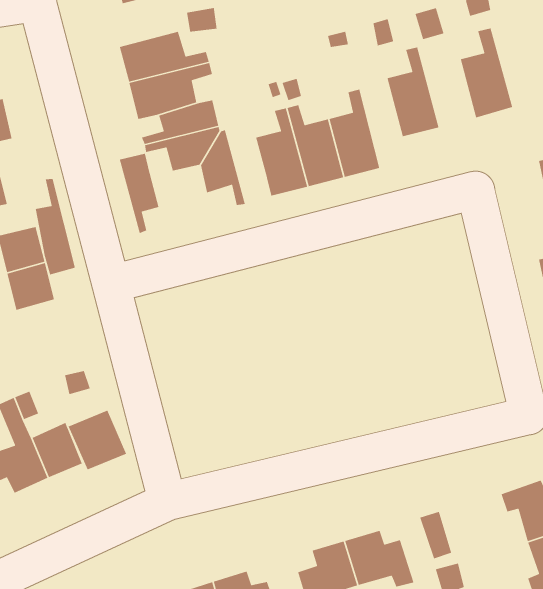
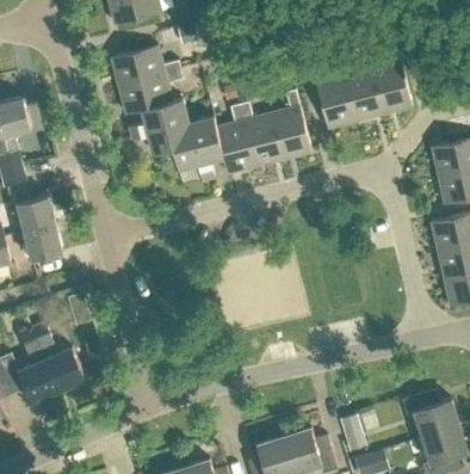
building: none -> [340,56,384,121]
building: [119,153,160,234] -> [193,117,224,179]
building: [35,178,76,275] -> none
building: [68,410,127,471] -> none

